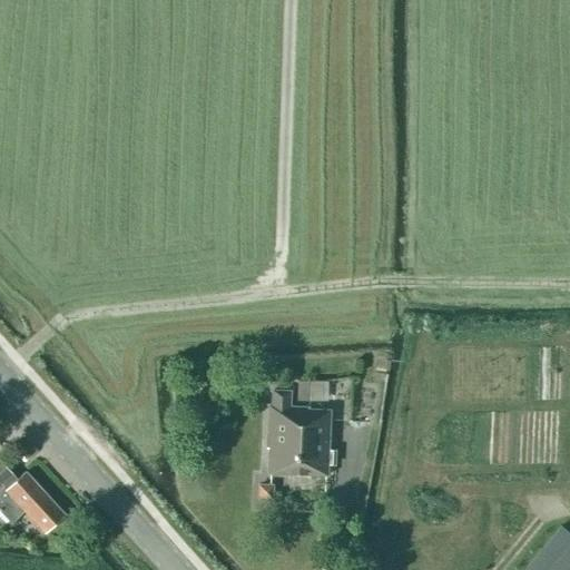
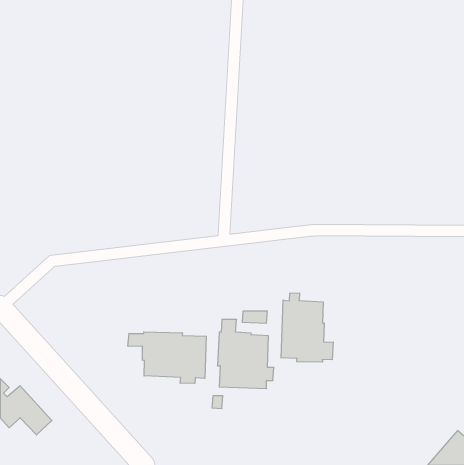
building: none -> [281,293,333,362]
building: none -> [128,332,206,383]

